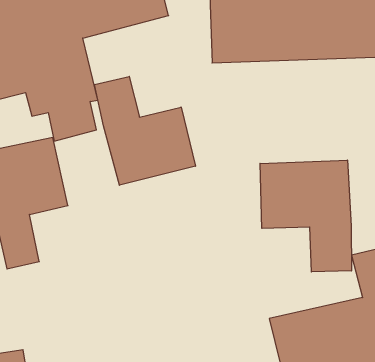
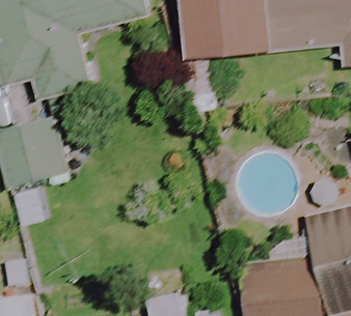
building: [94,76,195,185] -> none
building: [260,160,351,272] -> none

